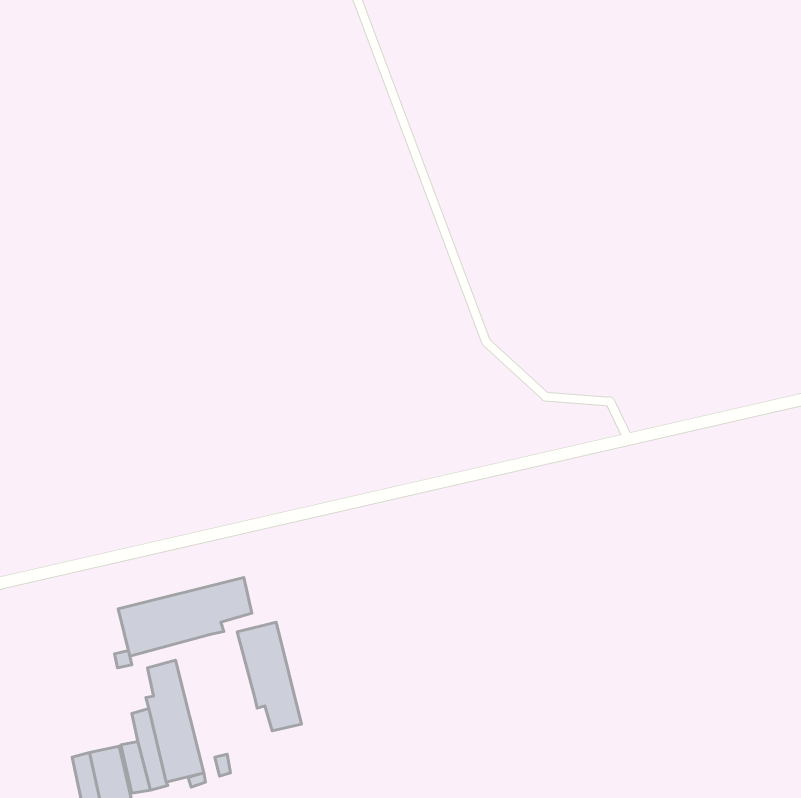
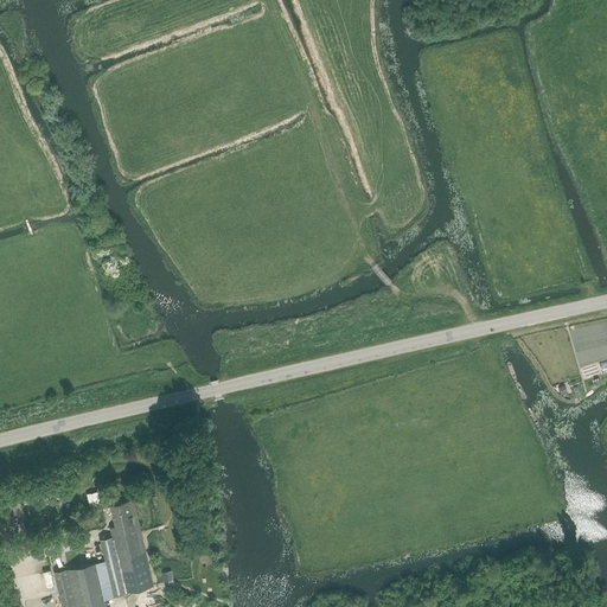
building: [118,578,252,656] -> none
building: [237,622,302,731] -> none

